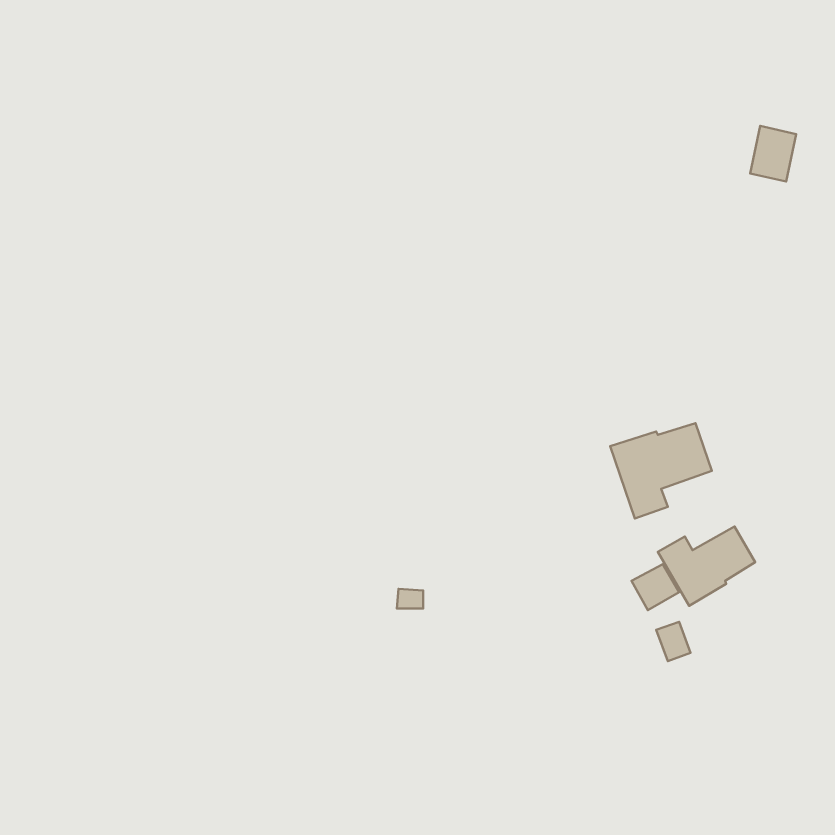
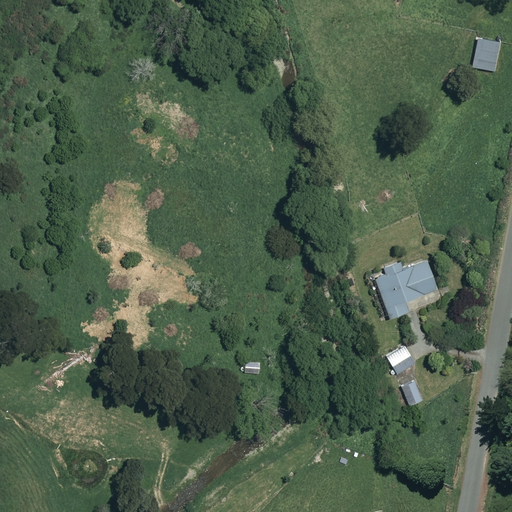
building: [750,126,796,182] -> [473,38,501,72]
building: [658,527,755,606] -> none

